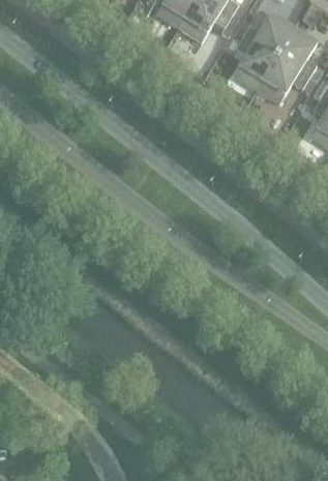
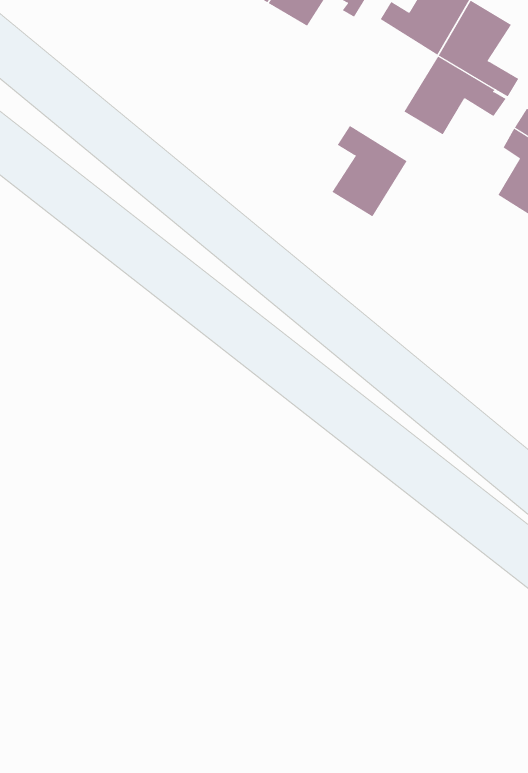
building: [231,35,274,88] -> [331,125,407,217]

